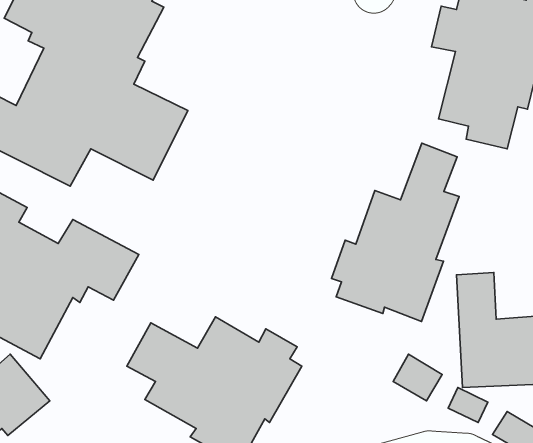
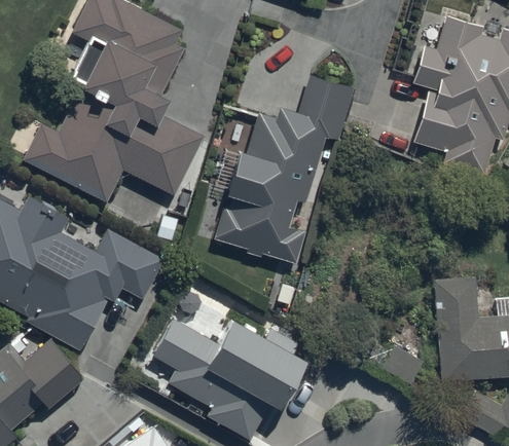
building: none -> [214,76,355,264]
building: [331,143,459,321] -> none

